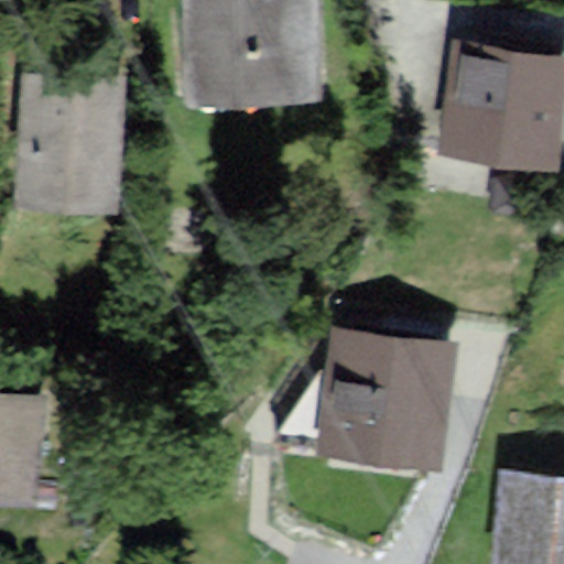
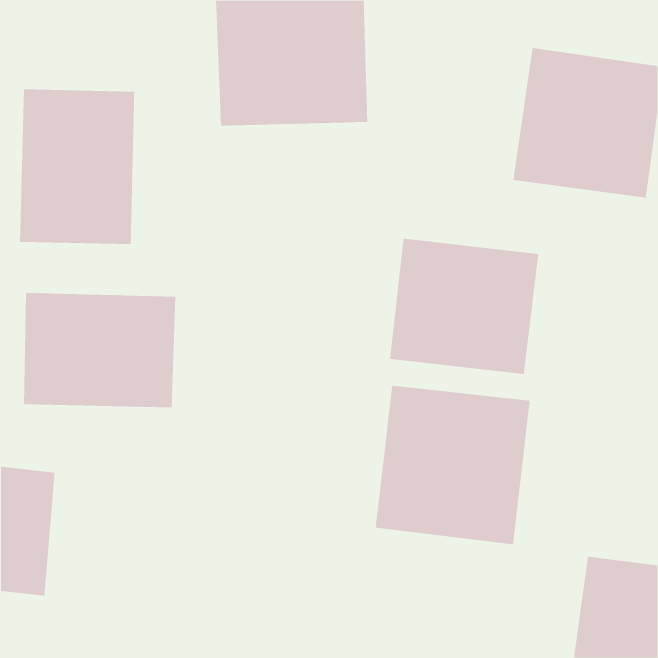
building: none -> [389,238,539,375]
building: none -> [23,292,176,408]

